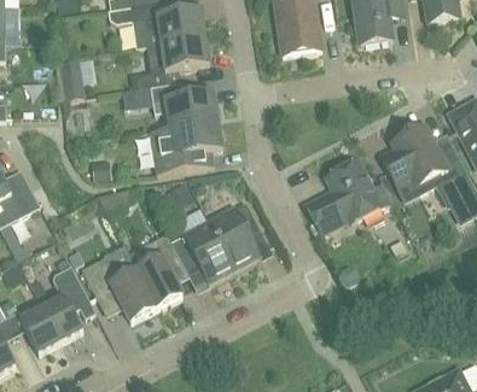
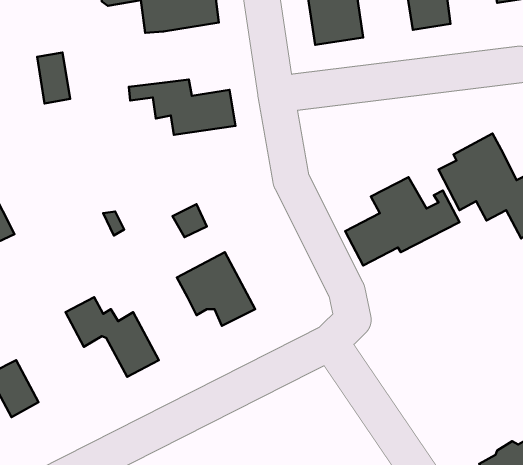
building: [129,35,209,87] -> none
building: [150,118,221,171] -> none
building: [209,200,261,265] -> none
building: [135,232,181,306] -> none
building: [41,264,95,340] -> none

